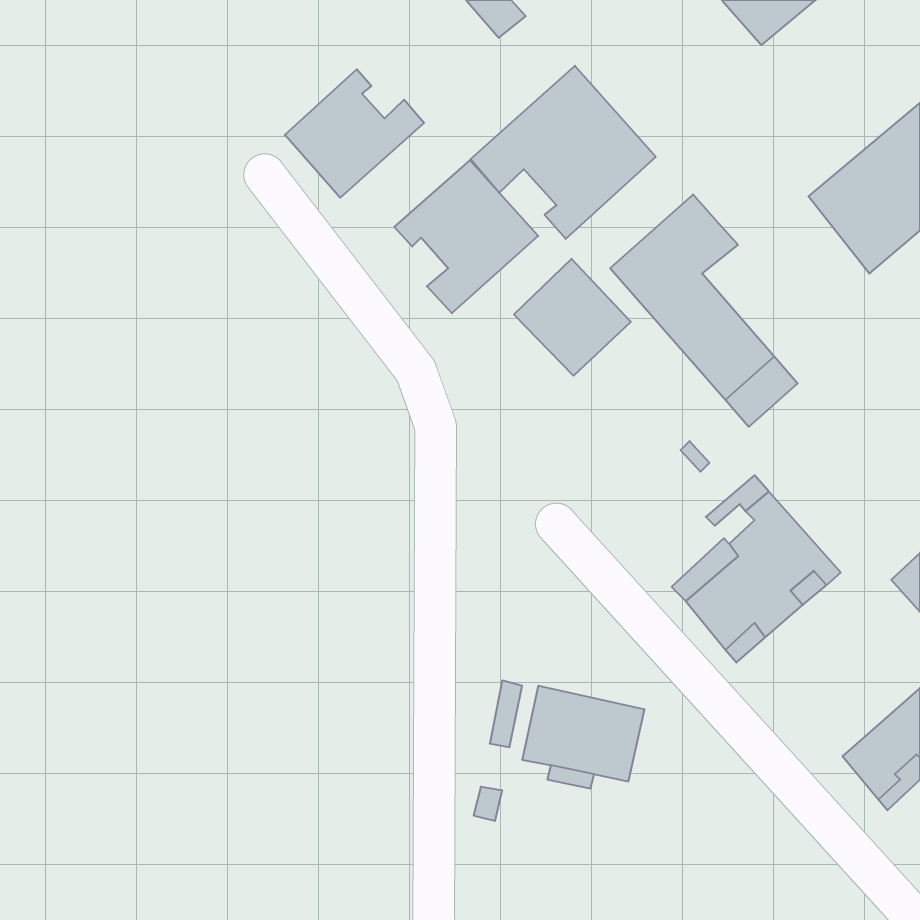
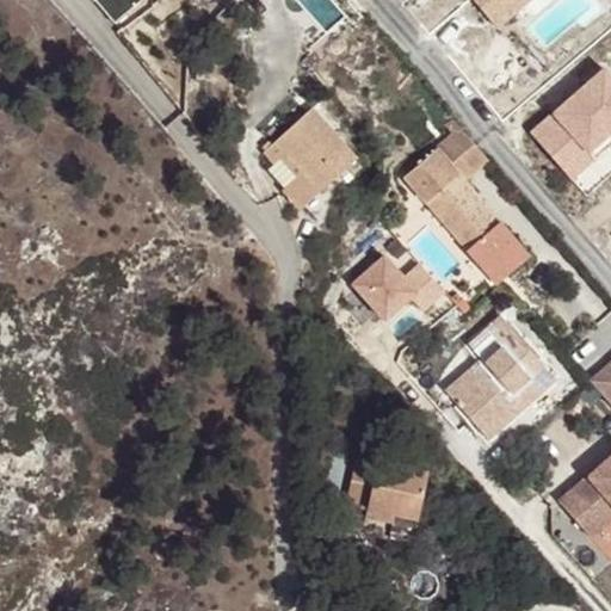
building: [471,66,656,239] -> none
building: [285,69,424,198] -> none
building: [514,259,631,376] -> [358,246,436,323]

